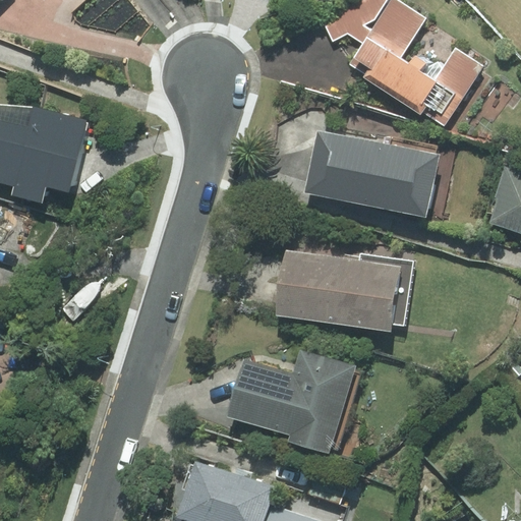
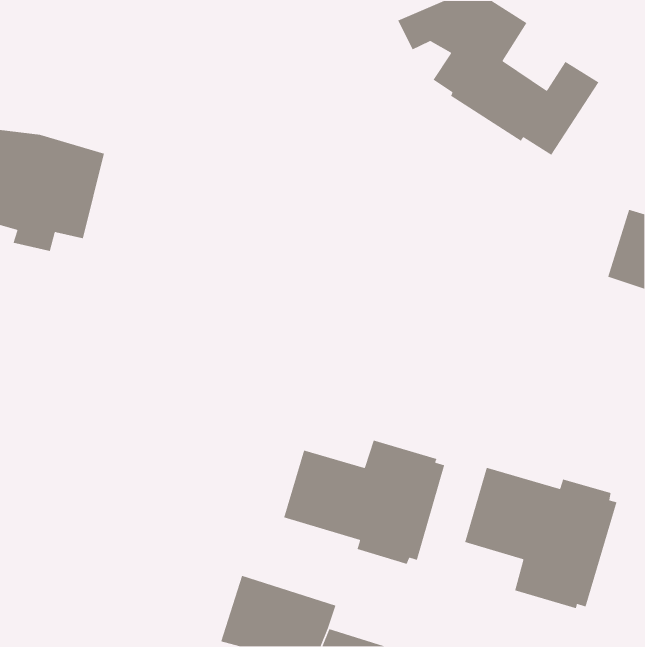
building: [304,130,438,217] -> none
building: [276,249,412,331] -> none
building: none -> [464,467,618,609]

